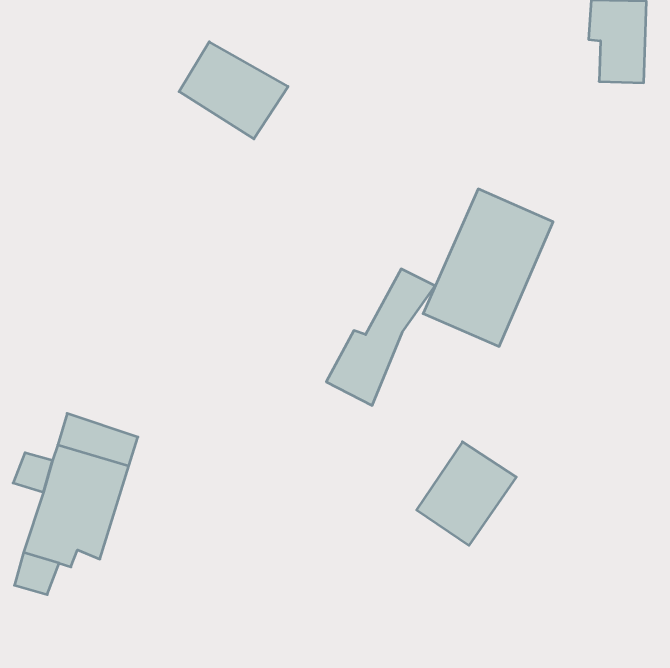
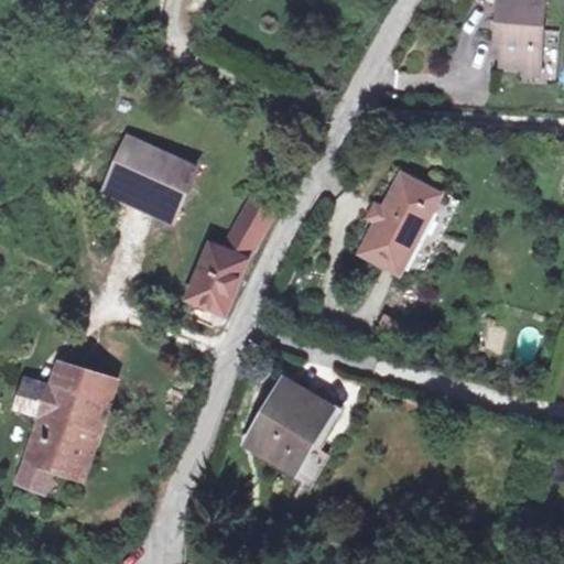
building: [179,42,288,139] -> [102,135,194,217]
building: [326,269,435,405] -> [186,202,278,316]
building: [417,442,516,545] -> [251,380,335,467]

